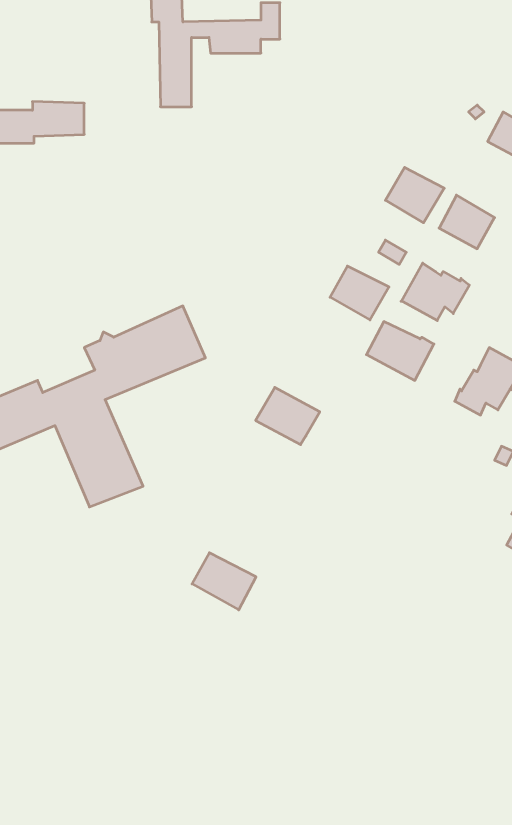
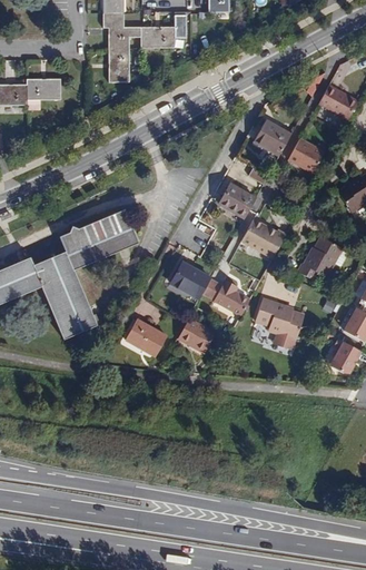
building: [401,263,469,321] -> none
building: none -> [202,277,249,315]
building: none -> [255,298,305,340]
building: none -> [177,318,216,353]
building: [192,553,256,610] -> [126,320,167,356]

